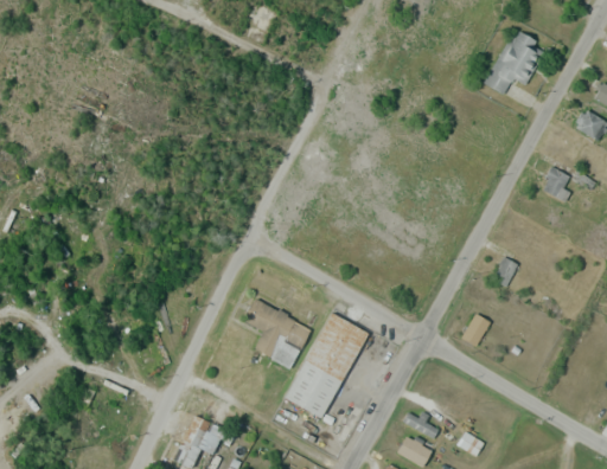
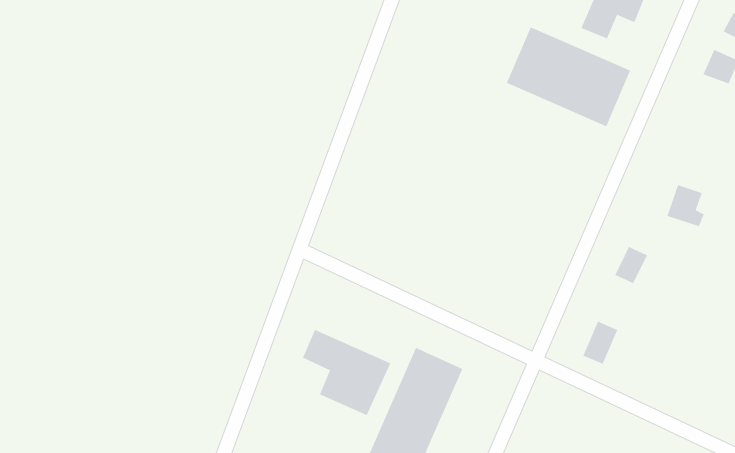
building: none -> [506,26,631,127]
building: [539,166,569,200] -> [667,185,705,227]

